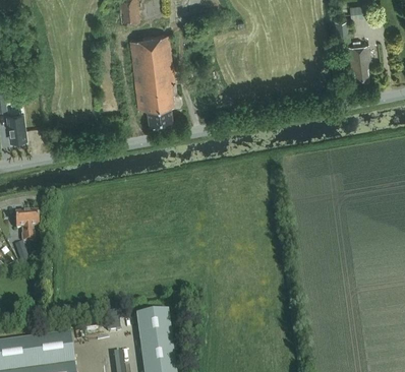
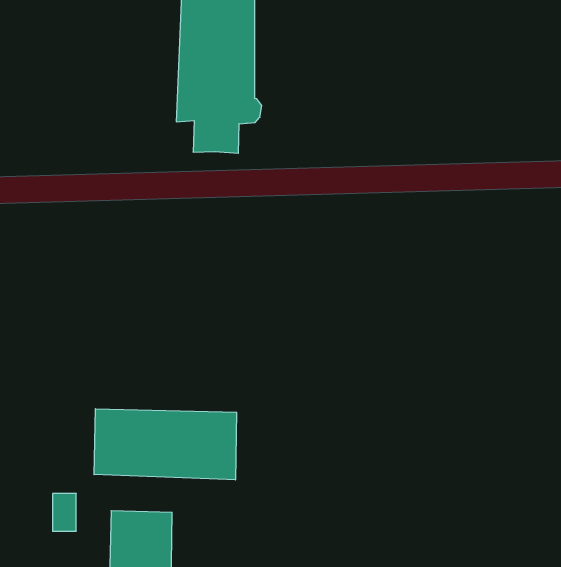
building: none -> [94,409,237,480]

